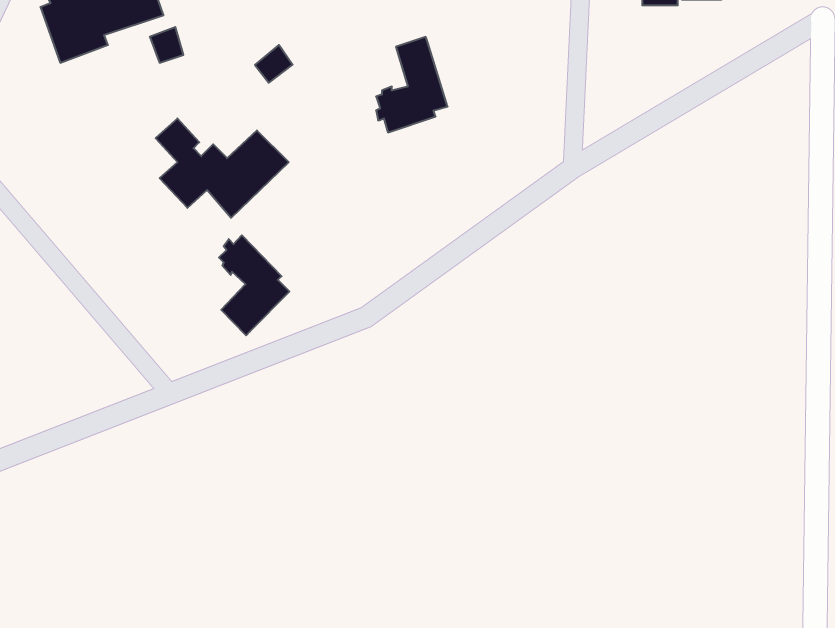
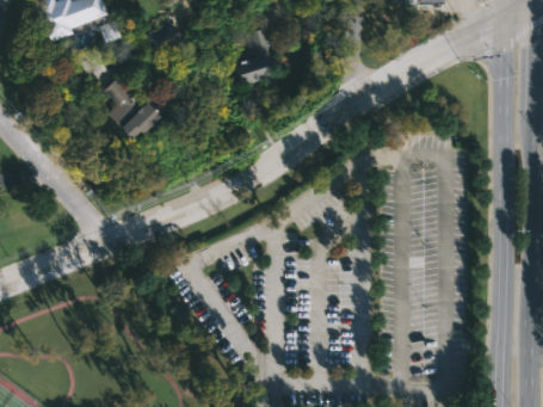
building: [219,235,289,335] -> none

